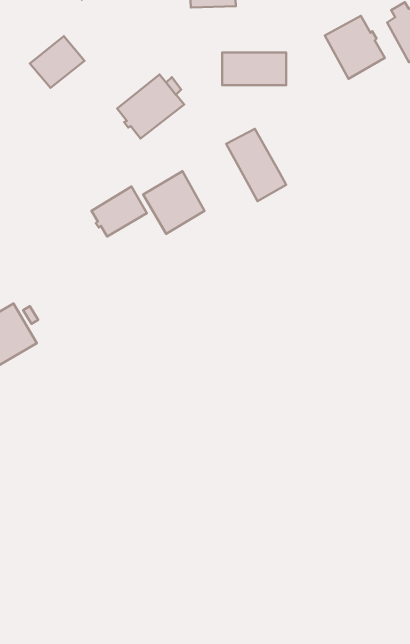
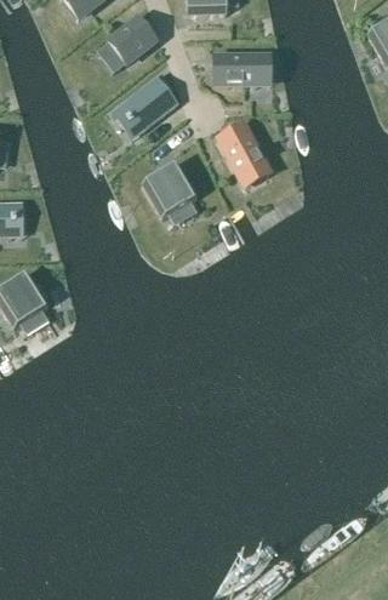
building: [325,16,385,79] -> none
building: [30,36,84,88] -> [108,17,156,63]
building: [91,187,147,236] -> none

